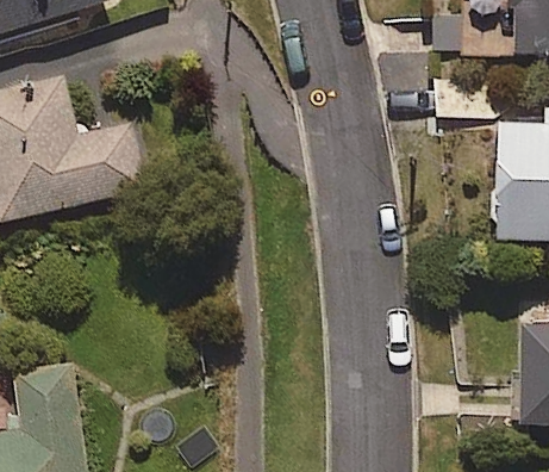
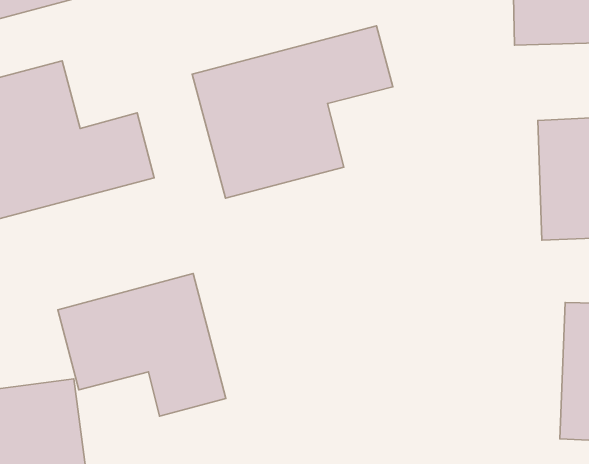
building: none -> [192,26,393,198]
building: none -> [58,274,226,416]

